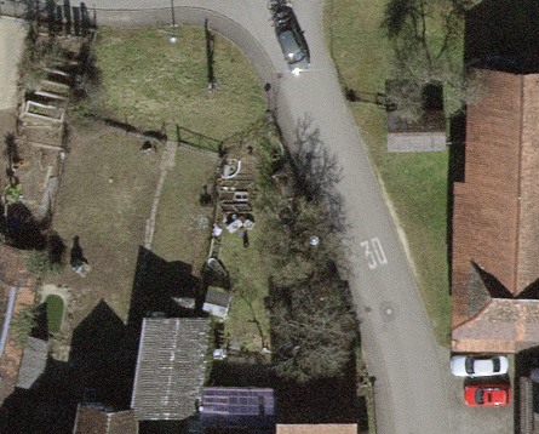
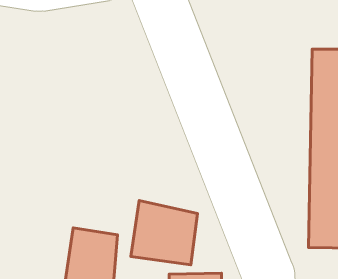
building: none -> [131,200,198,265]

